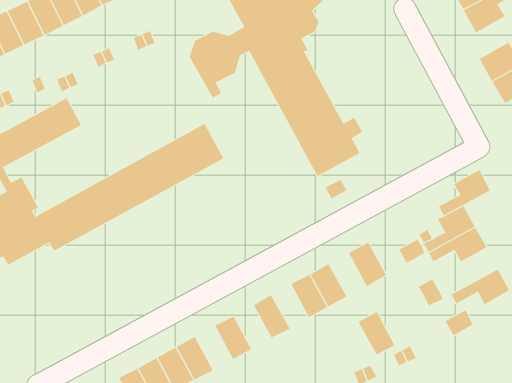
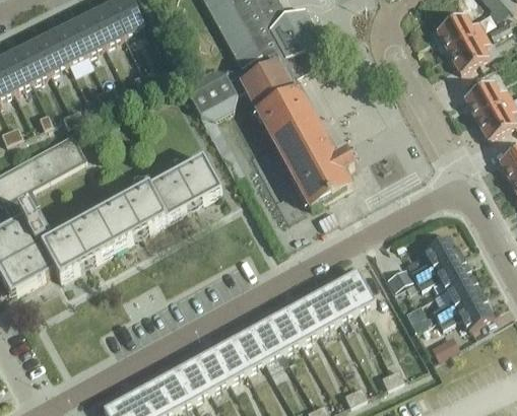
building: [438,169,491,216] -> [431,274,480,319]
building: none -> [265,308,301,351]
building: none -> [230,329,265,370]
building: [358,311,395,355] -> [320,279,356,321]
building: none -> [193,348,229,391]

